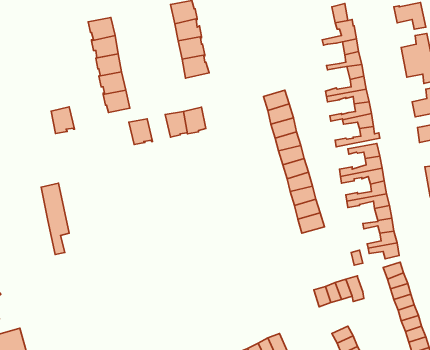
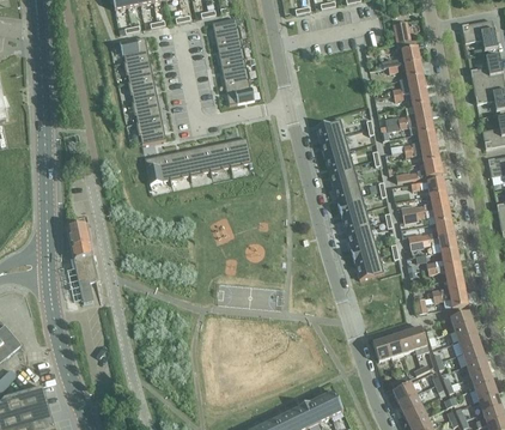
building: [51,107,75,134] -> [145,153,171,183]
building: none -> [185,145,212,175]

